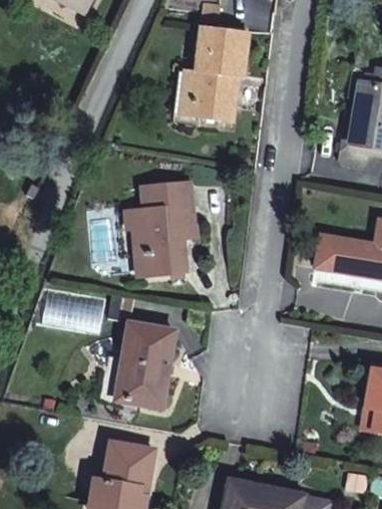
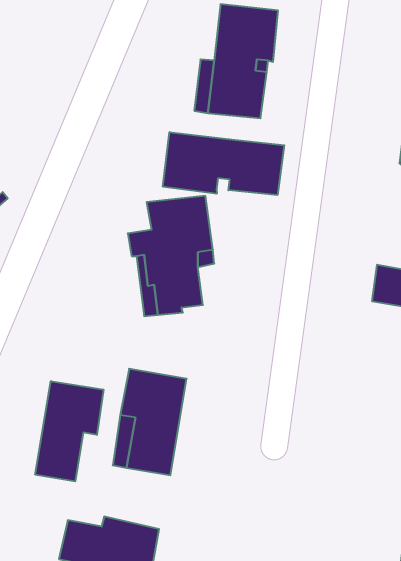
building: none -> [163,132,284,195]
building: none -> [35,381,104,481]

